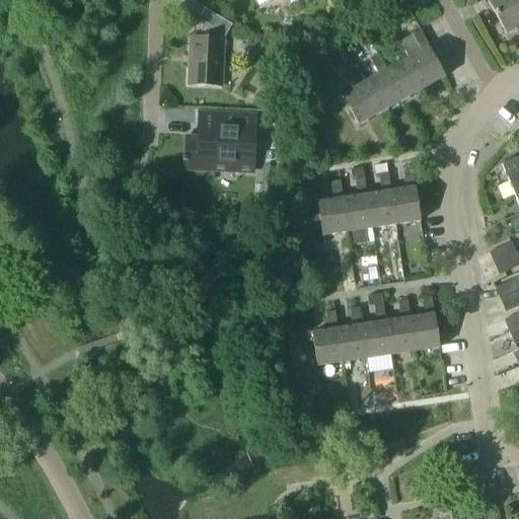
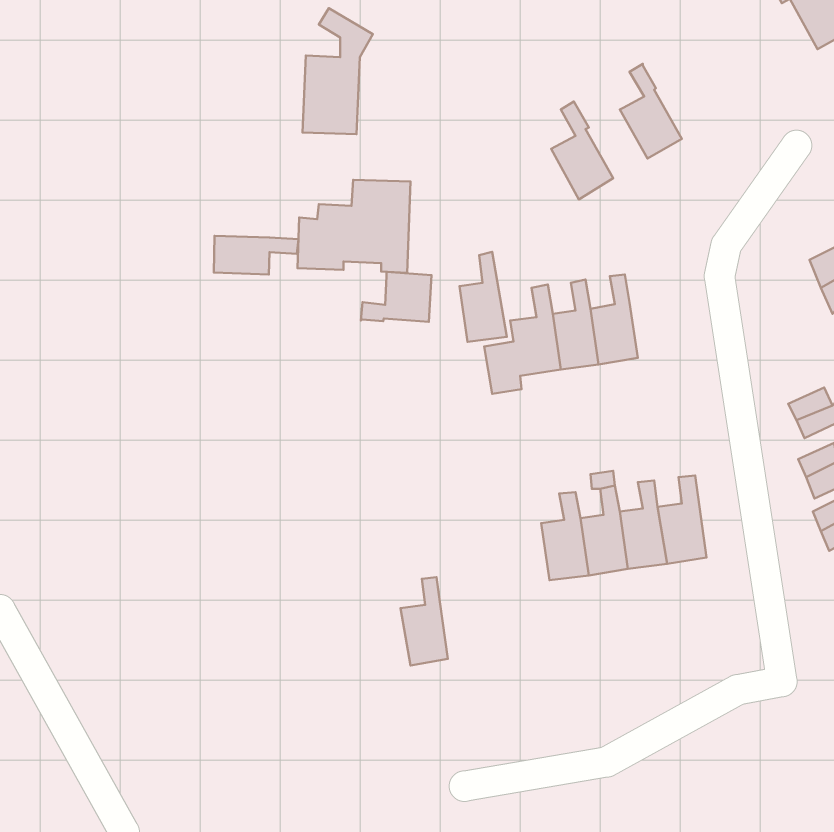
building: [399,27,445,86] -> none
building: [364,52,402,110] -> none
building: none -> [214,236,299,275]
building: [391,166,421,222] -> [459,252,507,342]
building: none -> [361,272,432,322]
building: [312,309,342,364] -> [401,577,448,665]

